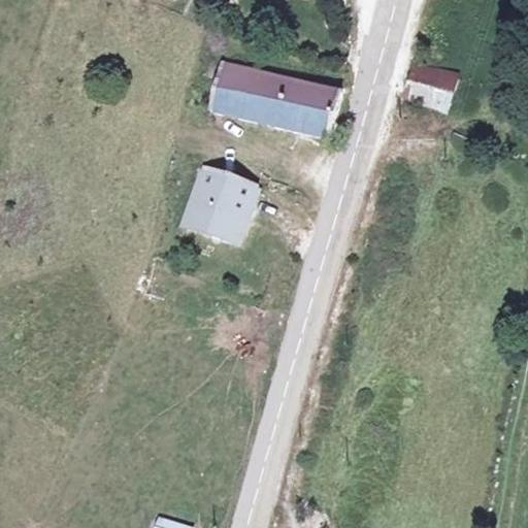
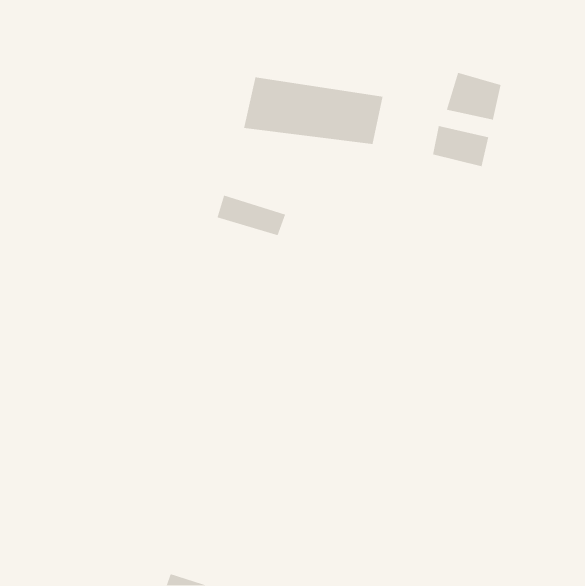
building: none -> [432,125,489,167]
building: [184,194,248,240] -> none

